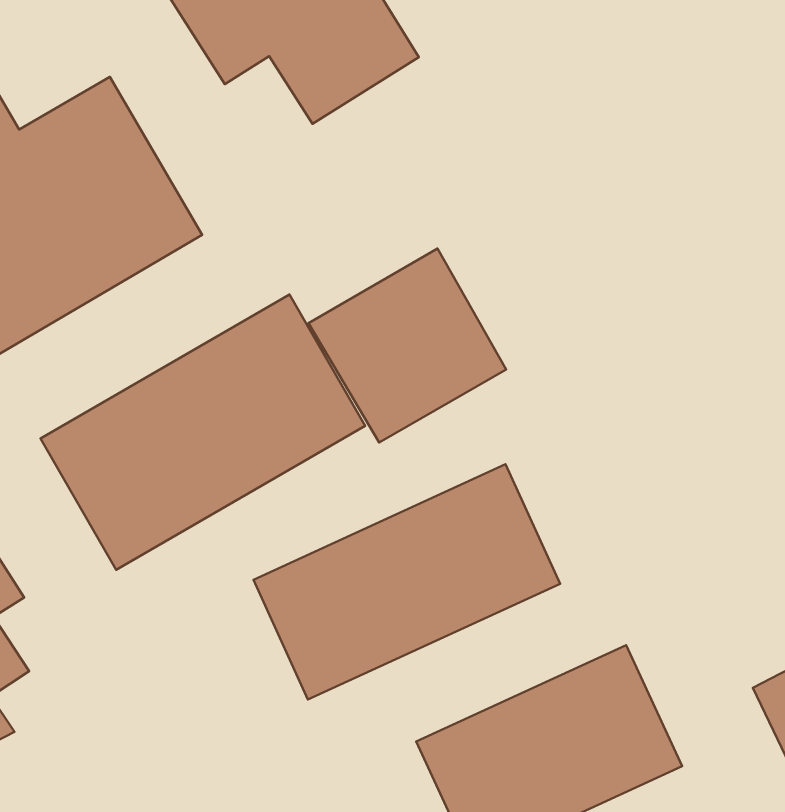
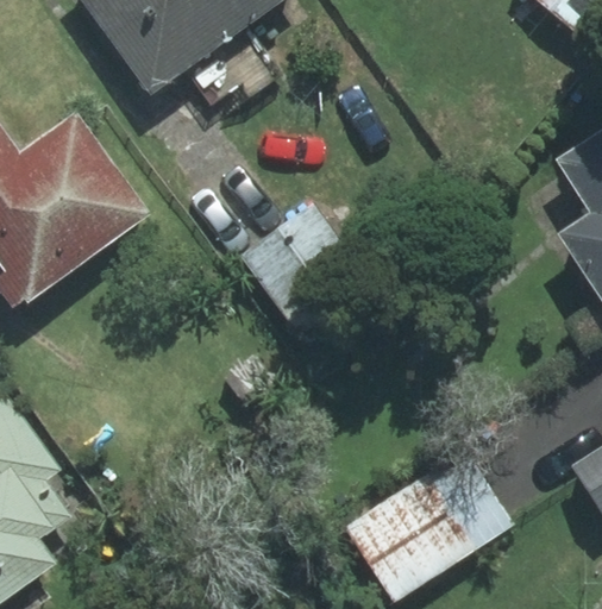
building: [41,294,365,570] -> none
building: [253,464,560,700] -> none

